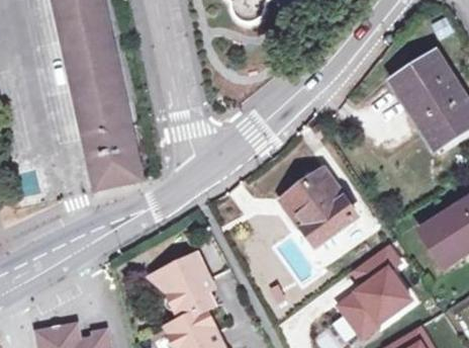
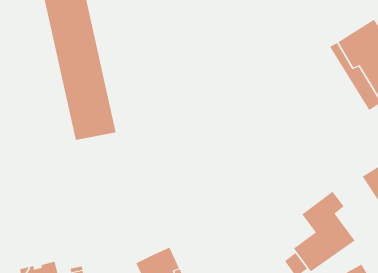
building: [281,172,350,243] -> none
building: [150,251,211,318] -> none

